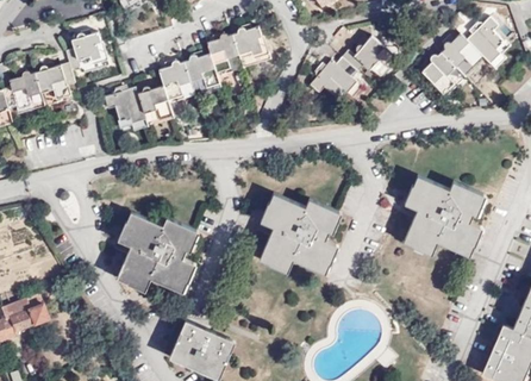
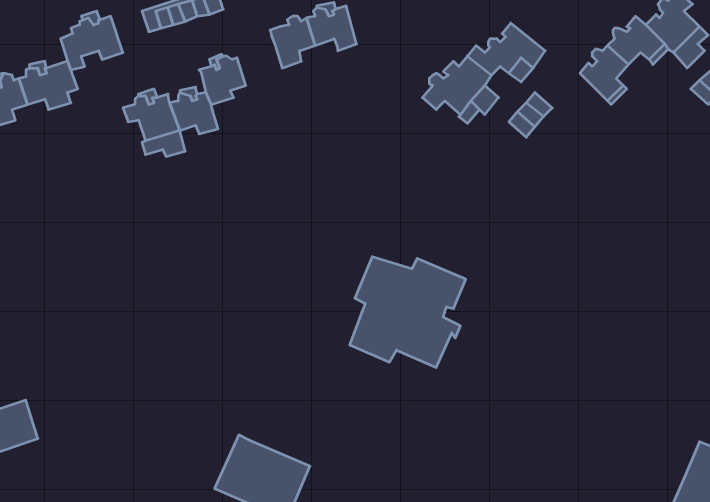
building: [185,51,218,80] -> none
building: [404,174,486,255] -> none
building: [119,216,195,292] -> none

